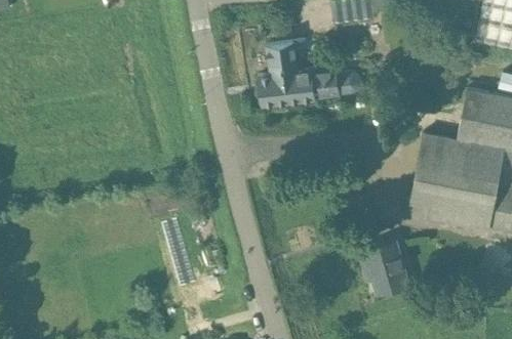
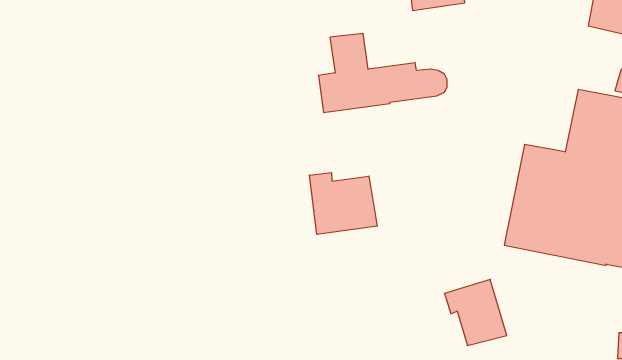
building: none -> [309,173,377,234]

